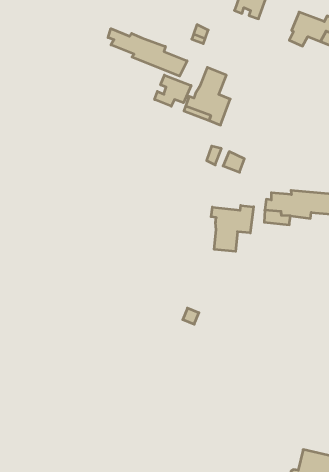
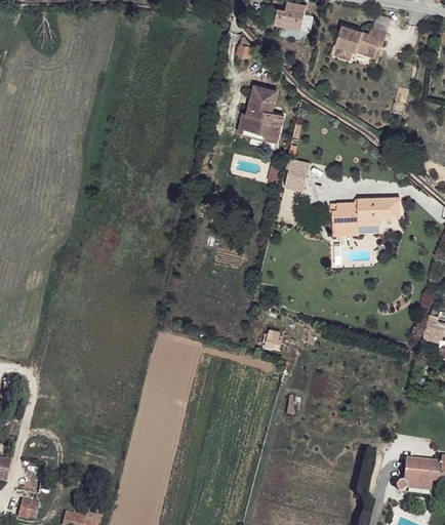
building: [108,29,187,76] -> none
building: [155,75,191,106] -> none
building: [211,205,254,251] -> none

